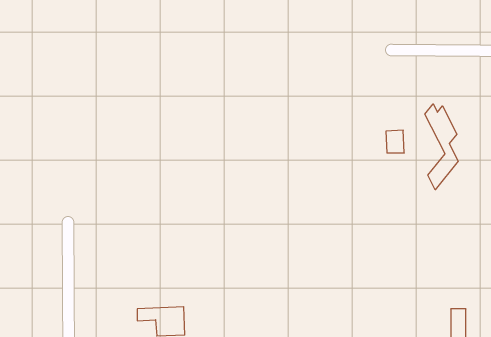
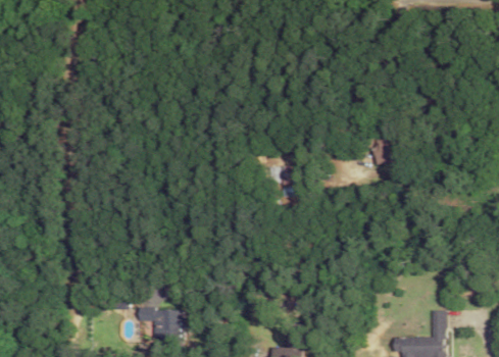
building: [425,104,458,190] -> none

